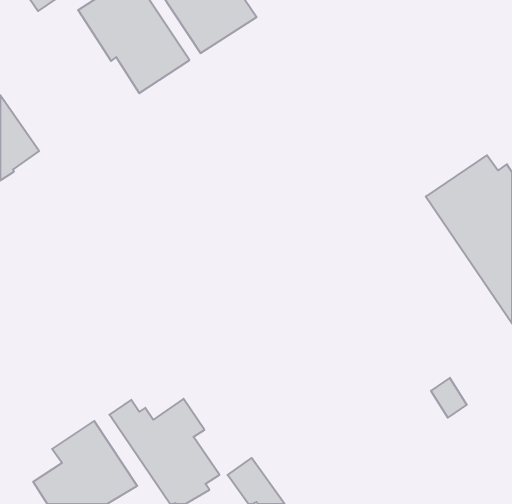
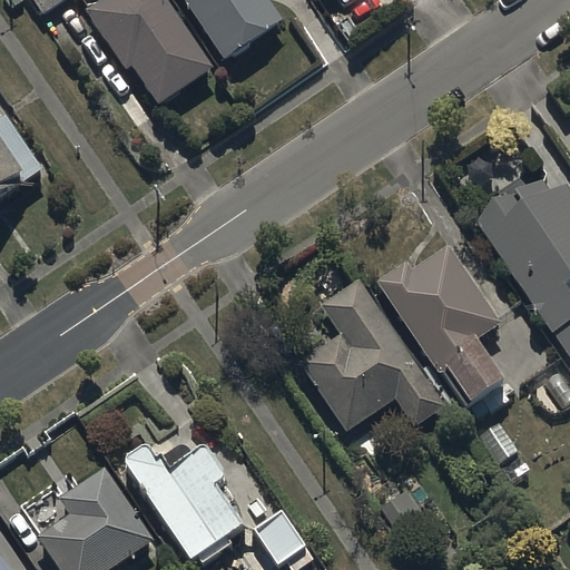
building: none -> [375,244,508,410]
building: none -> [297,276,445,430]

